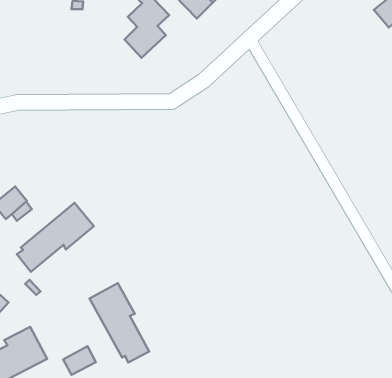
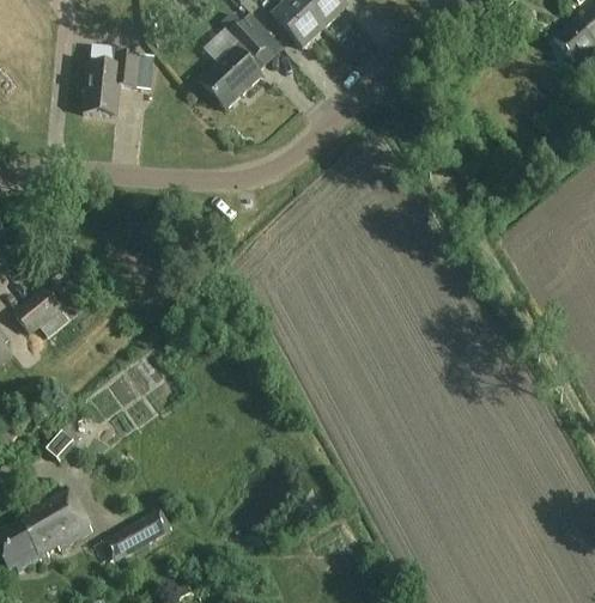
building: none -> [84,44,139,112]
building: [17,203,94,272] -> none
building: [90,283,149,362] -> none

